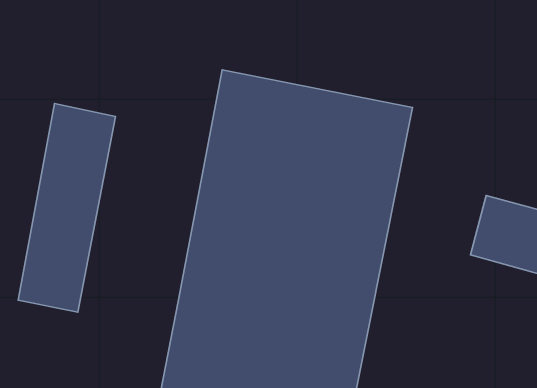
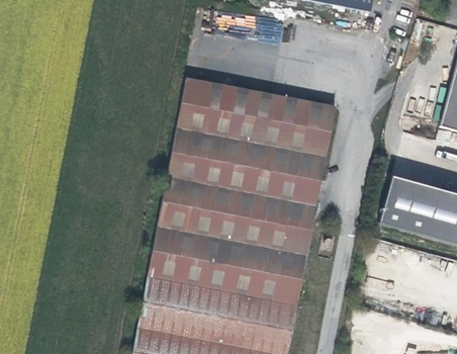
building: [18,104,115,312] -> none

